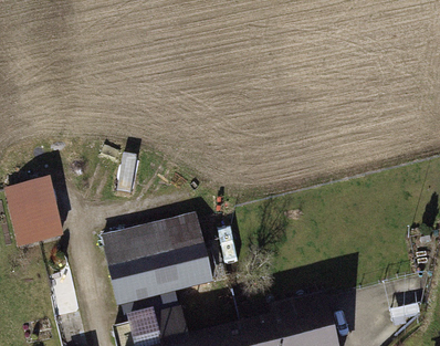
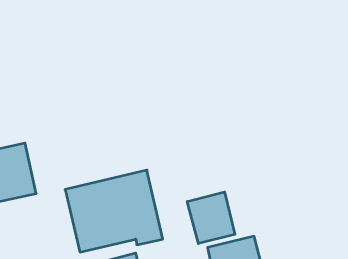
building: none -> [187,192,235,244]

